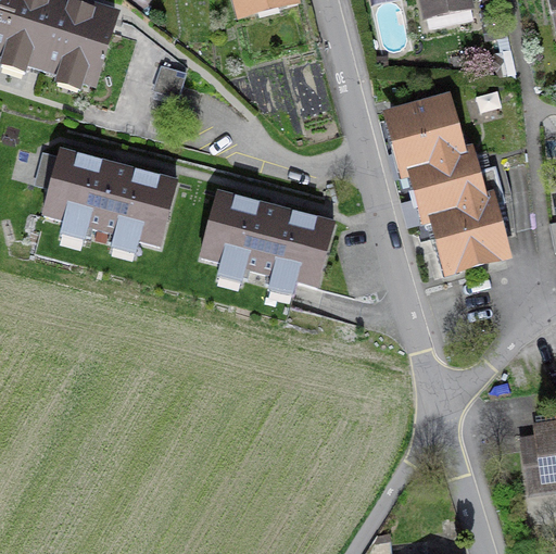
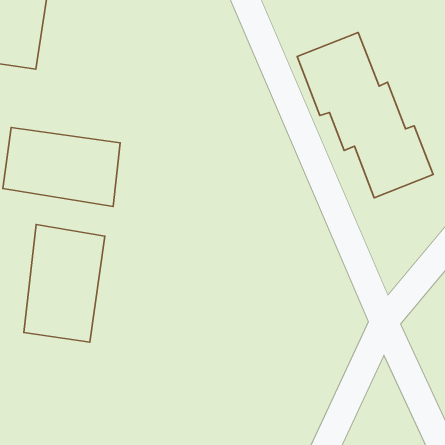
building: [200,197,337,285] -> none
building: none -> [24,225,105,342]

